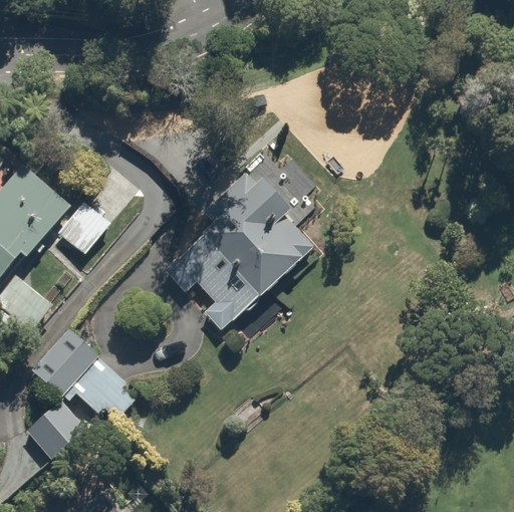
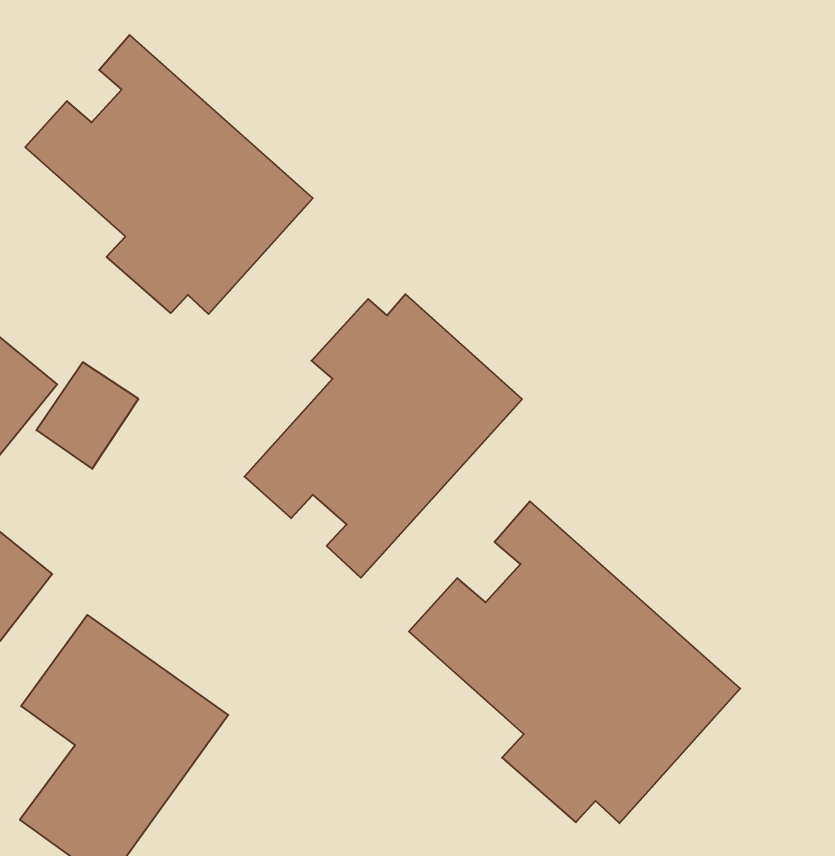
building: none -> [25,35,313,314]
building: none -> [409,501,740,823]

